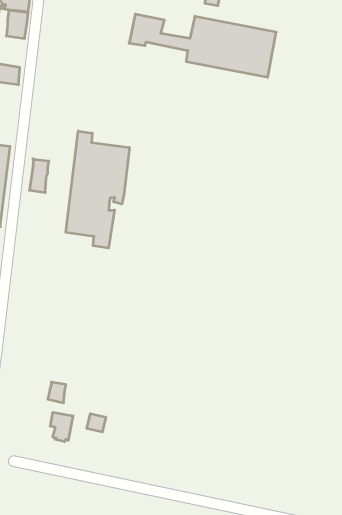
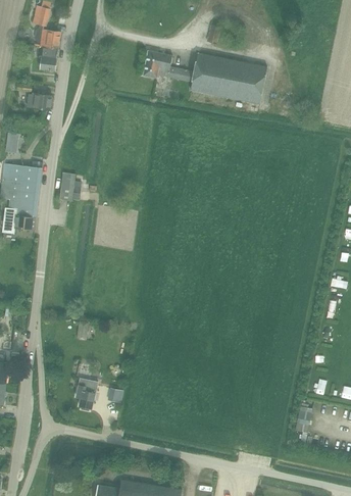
building: [66,131,129,248] -> none

